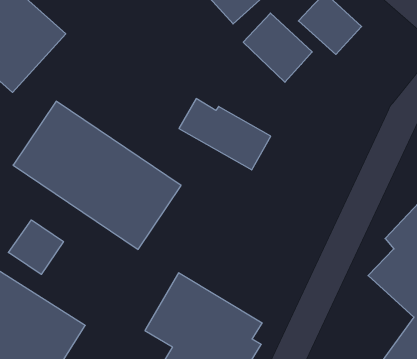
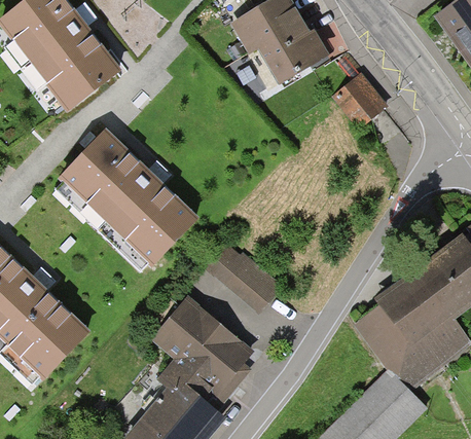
building: [243,13,312,82] -> none
building: [179,99,271,170] -> [202,242,281,313]
building: [8,220,63,274] -> none

